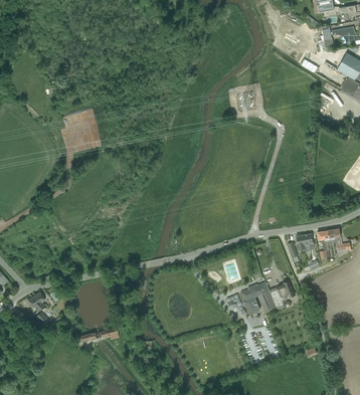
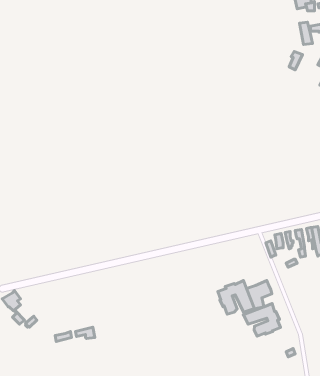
building: none -> [243,303,280,336]

